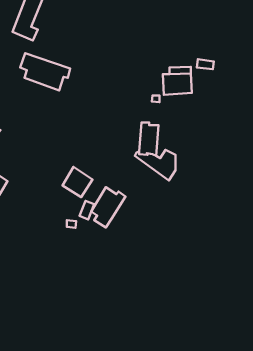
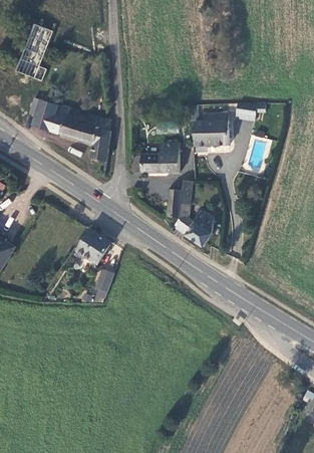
building: none -> [73,114,111,178]
building: none -> [132,143,180,173]
building: [91,187,126,227] -> none

